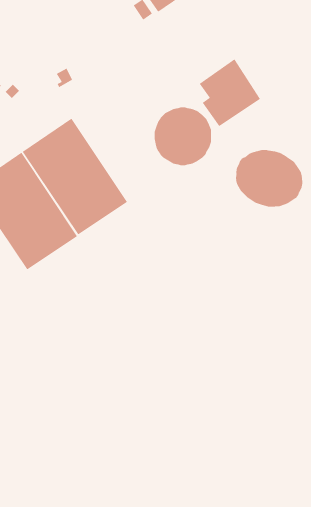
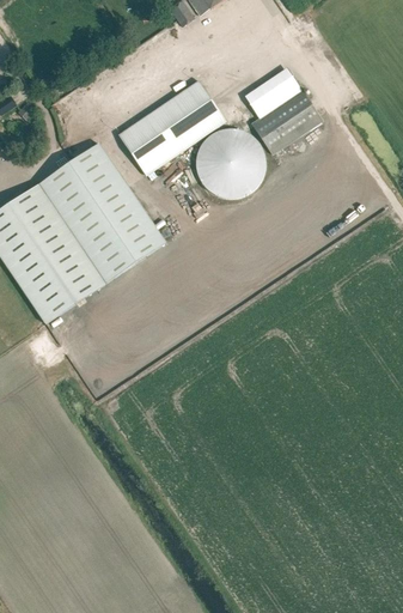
building: none -> [118,79,226,174]
building: [236,149,303,208] -> none

